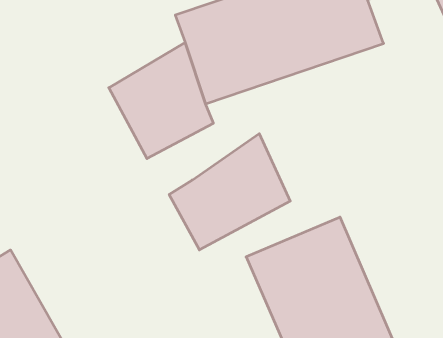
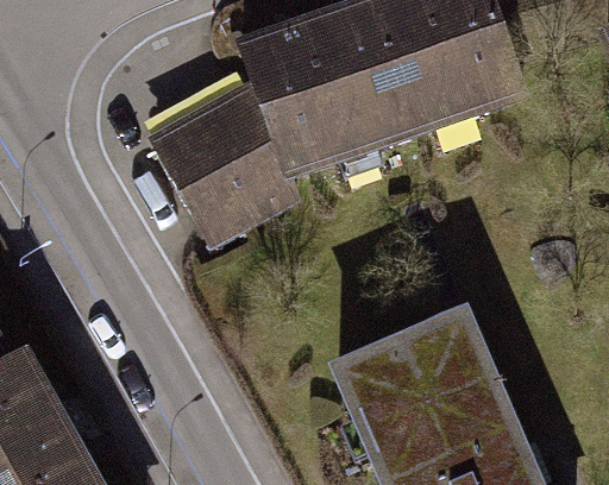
building: [169,134,290,250] -> none

